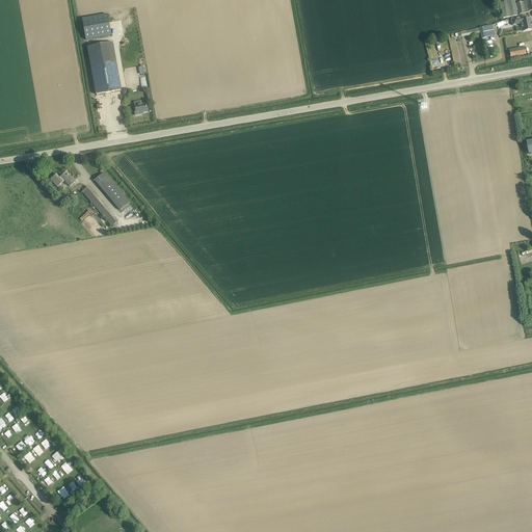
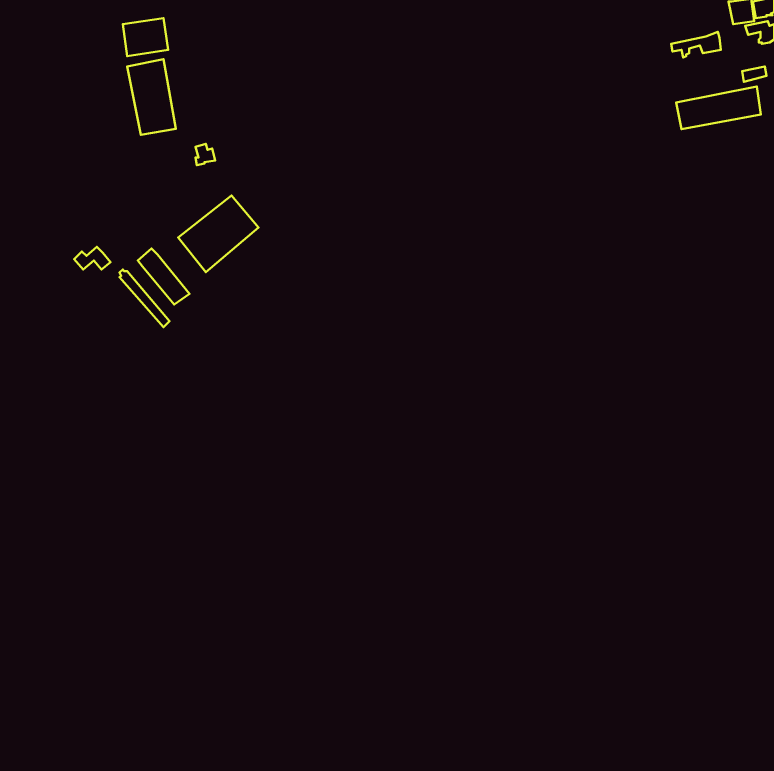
building: none -> [676,86,761,129]
building: none -> [178,195,259,272]

